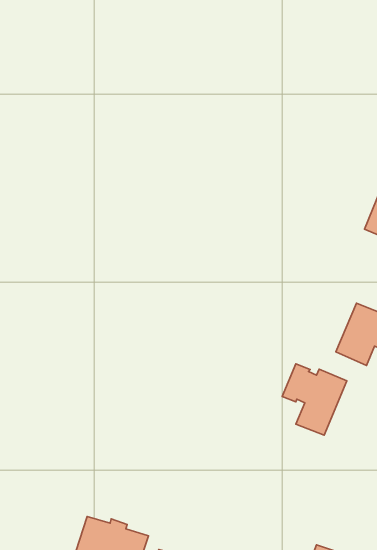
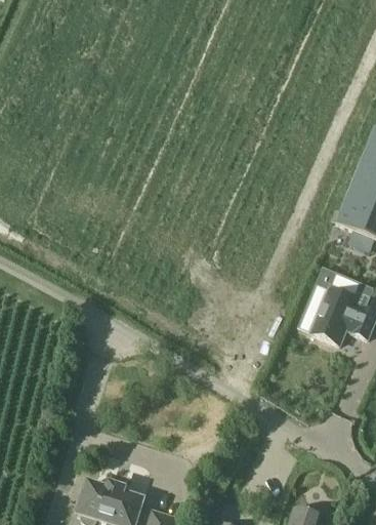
building: [282,364,347,435] -> none

